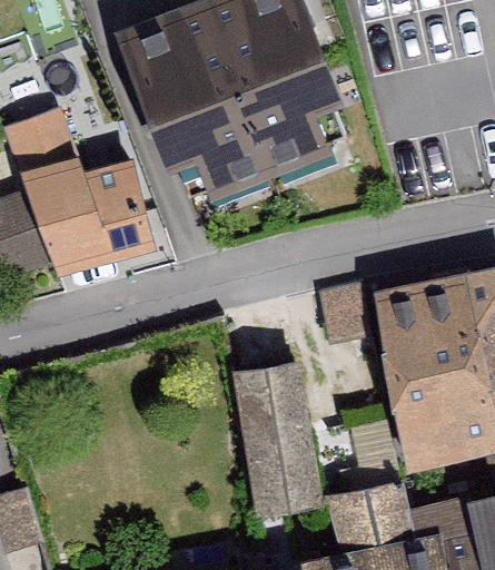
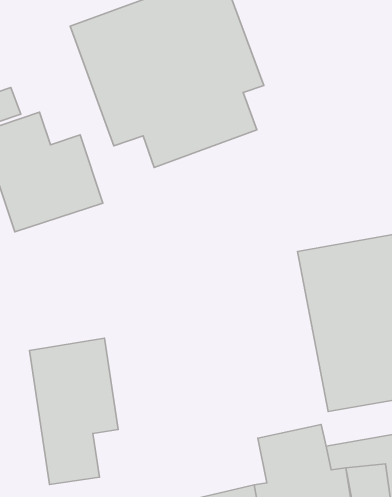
building: [235,363,320,515] -> none
building: none -> [30,338,118,484]

